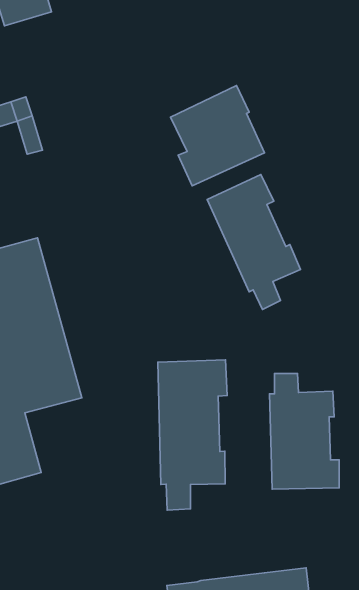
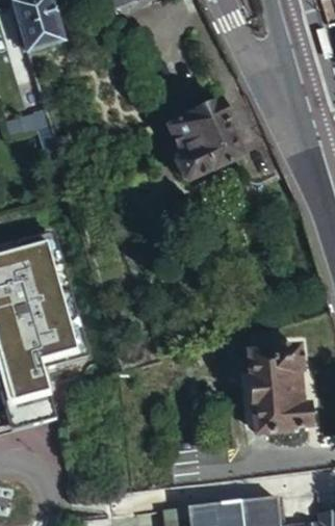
building: [207,174,300,309] -> none
building: [158,360,227,510] -> none

